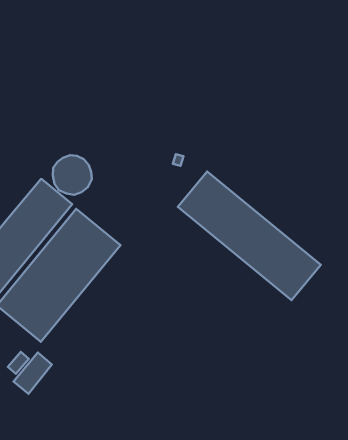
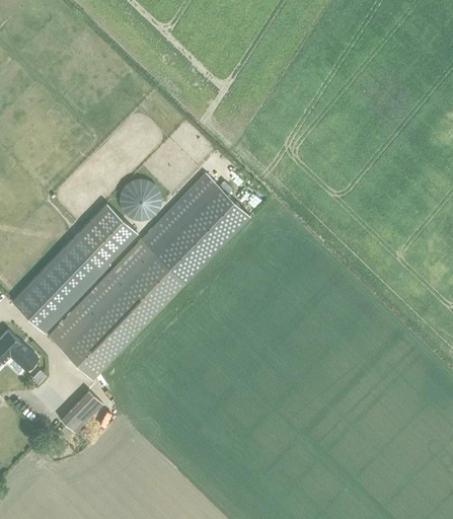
building: none -> [141,171,249,281]
building: [178,172,321,300] -> none

